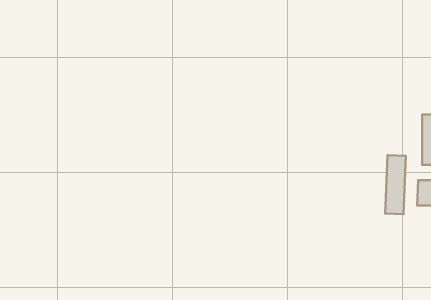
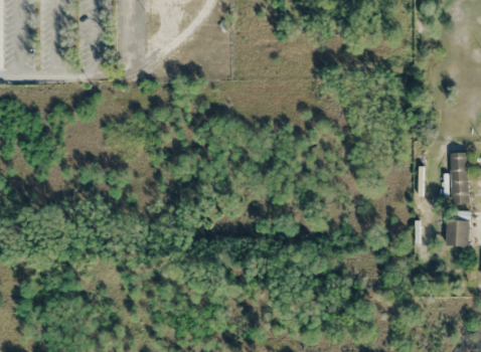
building: [385,155,406,214] -> none

